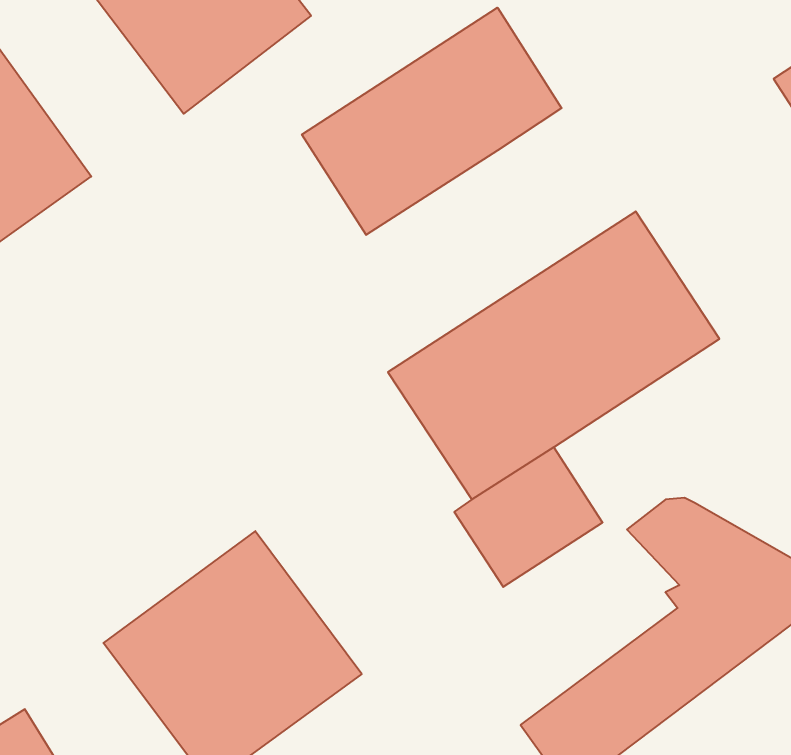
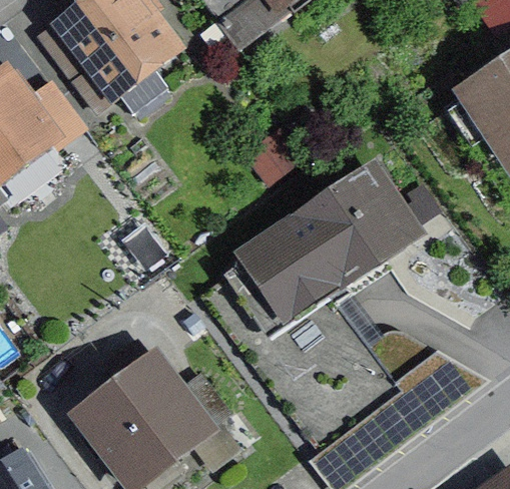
building: [302,8,562,235] -> none

